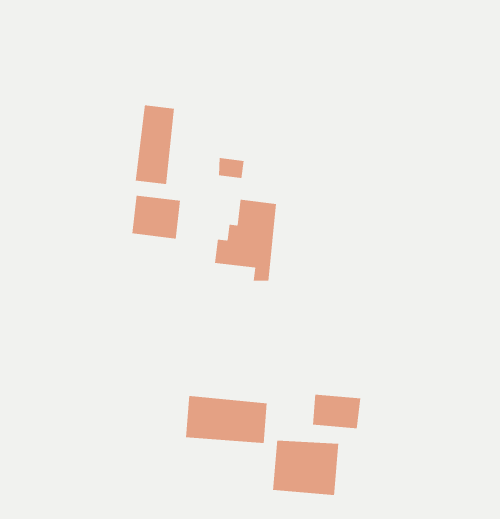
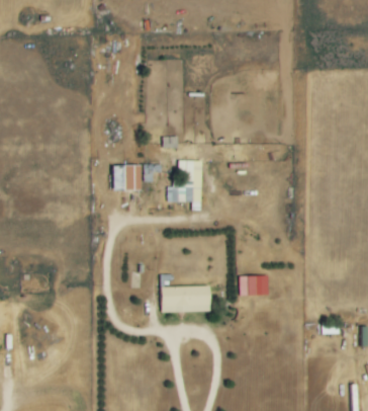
building: [135,104,175,185] -> none
building: [272,440,339,496] -> none

